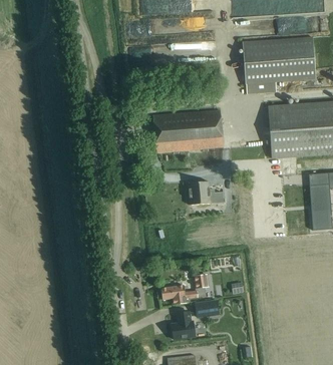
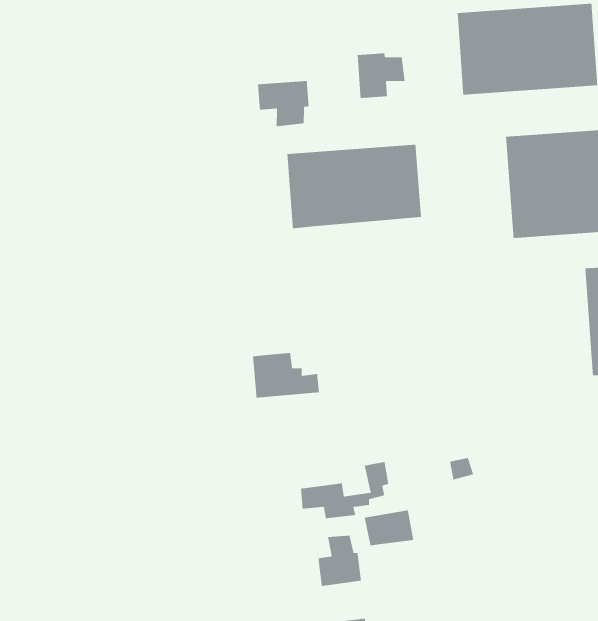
building: none -> [357,52,406,99]
building: none -> [257,80,310,127]
building: [189,180,224,205] -> [252,352,320,398]

